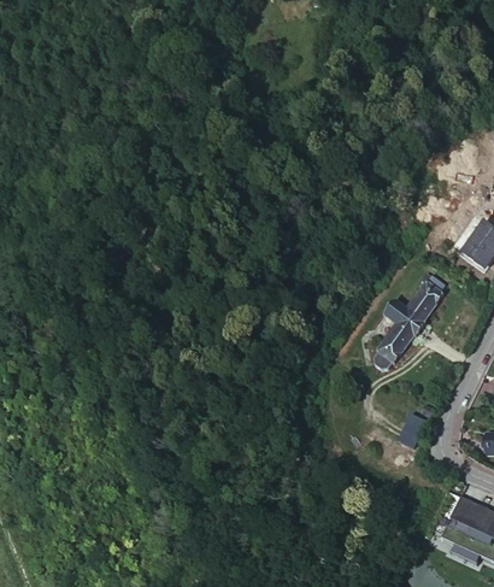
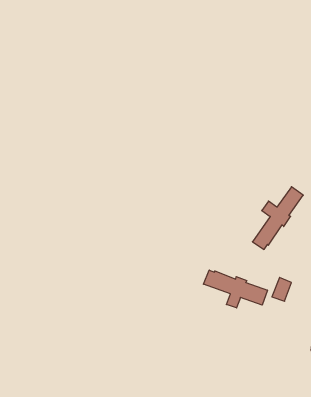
building: none -> [203,270,267,308]

